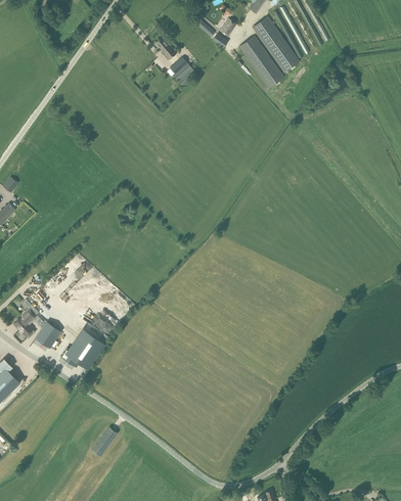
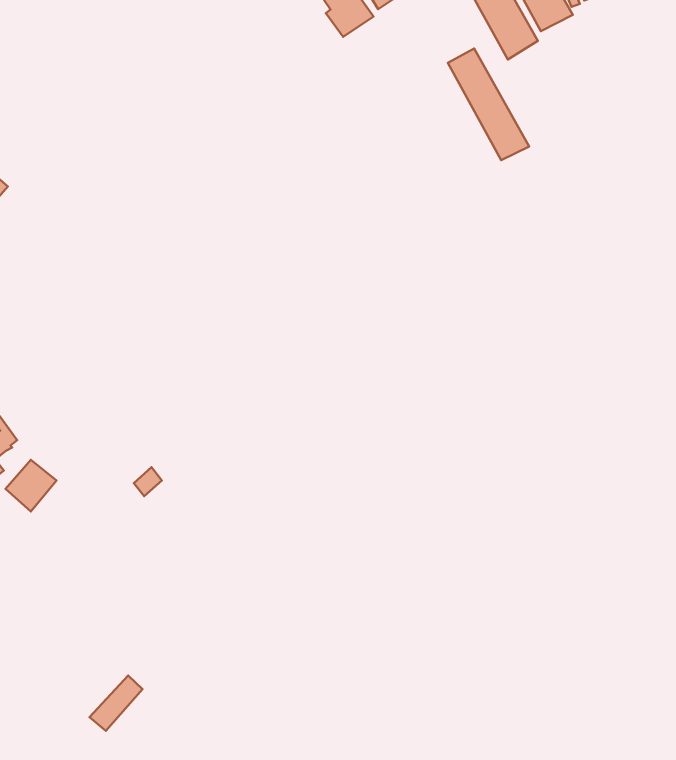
building: none -> [448,48,529,160]
building: [60,328,103,367] -> none

